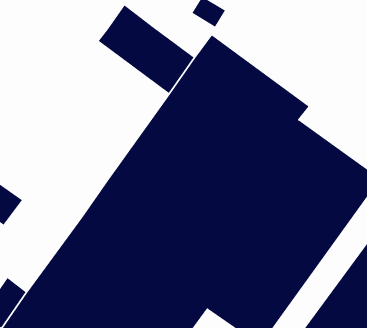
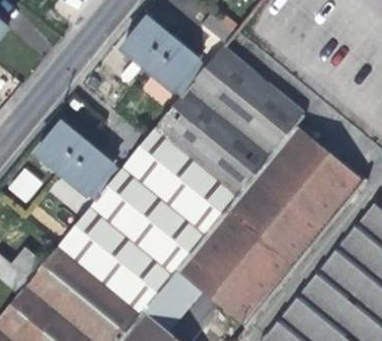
building: none -> [34,118,119,200]

